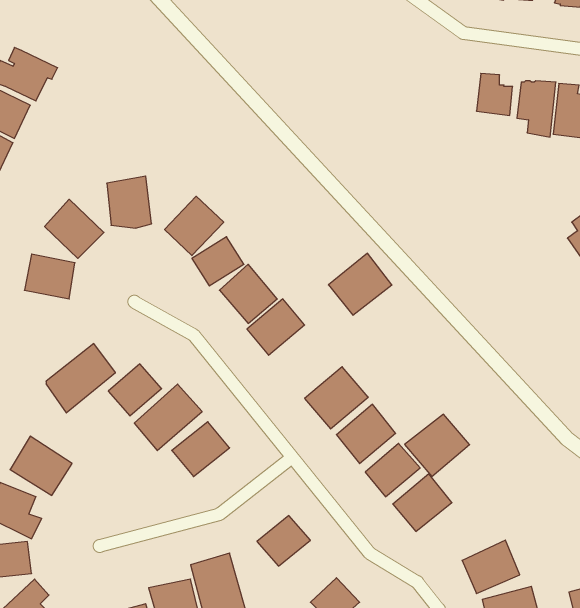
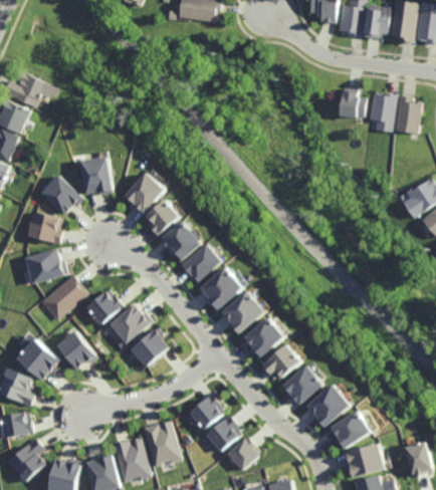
building: [328,253,392,315] -> [199,267,243,310]
building: none -> [24,250,66,286]
building: [405,414,470,476] -> [306,385,352,428]
building: none -> [55,331,94,371]
building: none -> [198,418,241,452]

